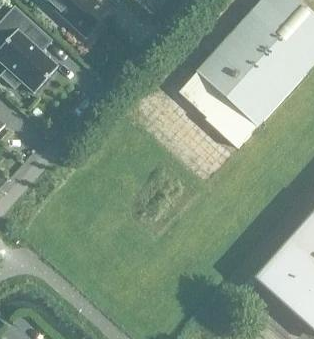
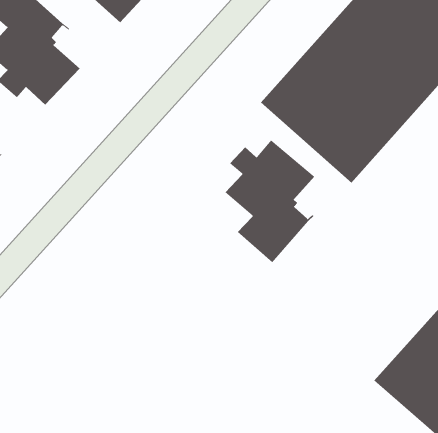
building: none -> [225,140,315,263]

